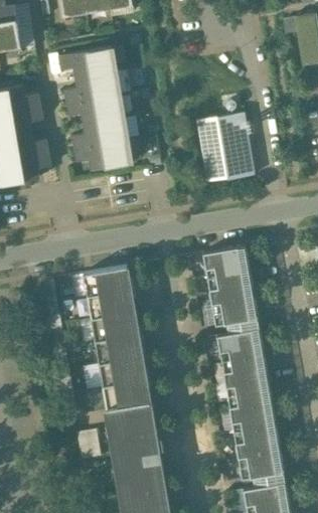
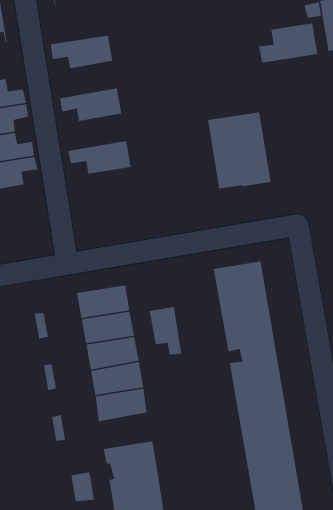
building: none -> [258,23,318,64]
building: [64,70,119,103] -> none
building: [72,117,127,149] -> none
building: none -> [149,306,182,355]
building: [102,379,150,410] -> none

